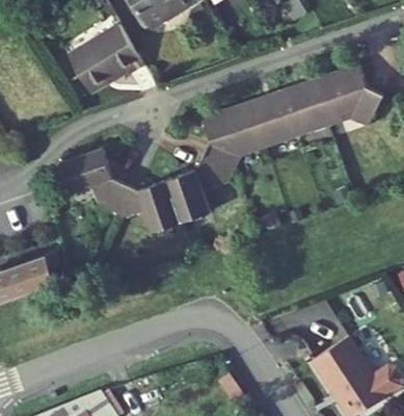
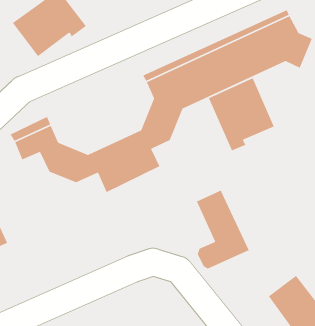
building: none -> [208,77,275,152]
building: none -> [196,190,250,270]

